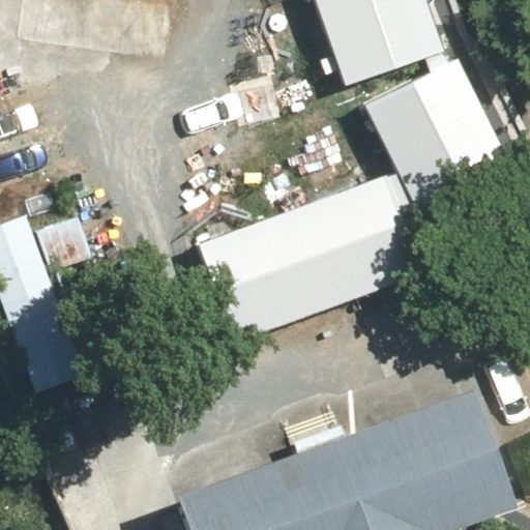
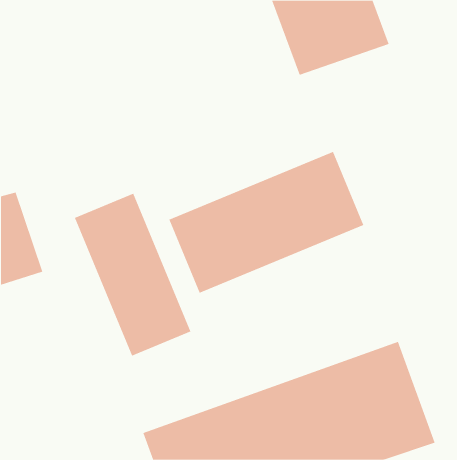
building: [366,58,513,210] -> none
building: none -> [74,193,191,356]

